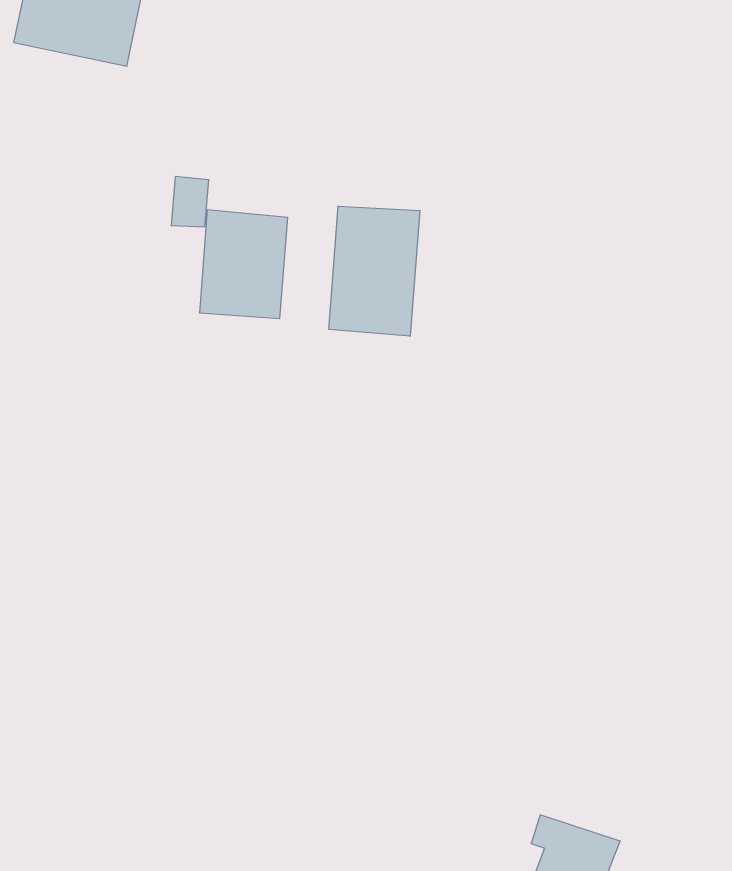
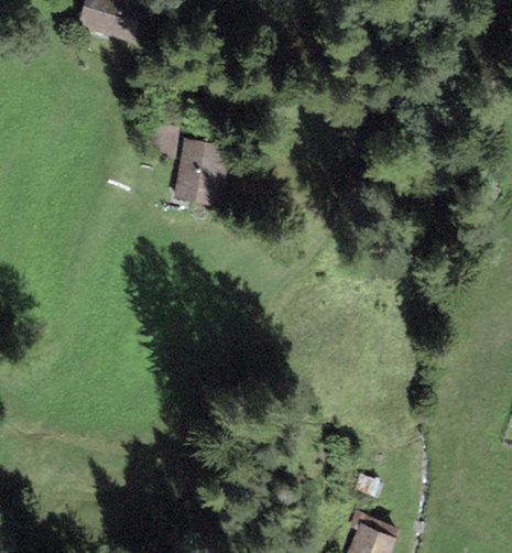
building: [329,206,420,336] -> none

